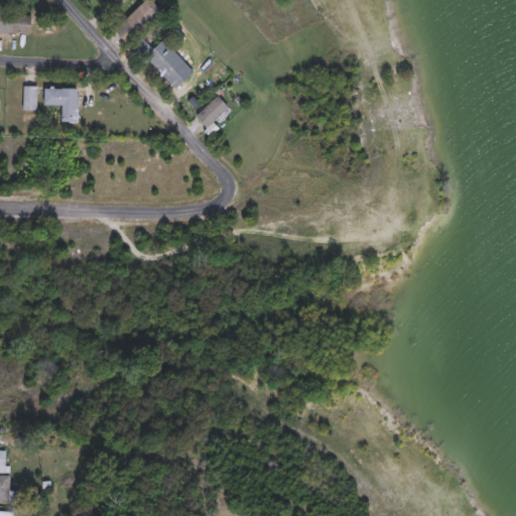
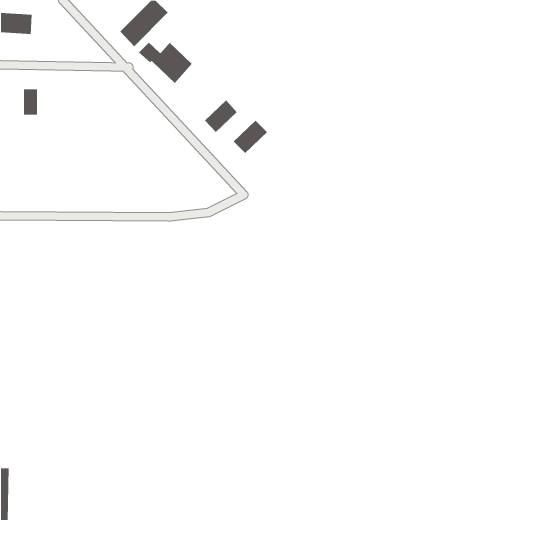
building: [43,88,80,123] -> none
building: none -> [233,120,268,154]

